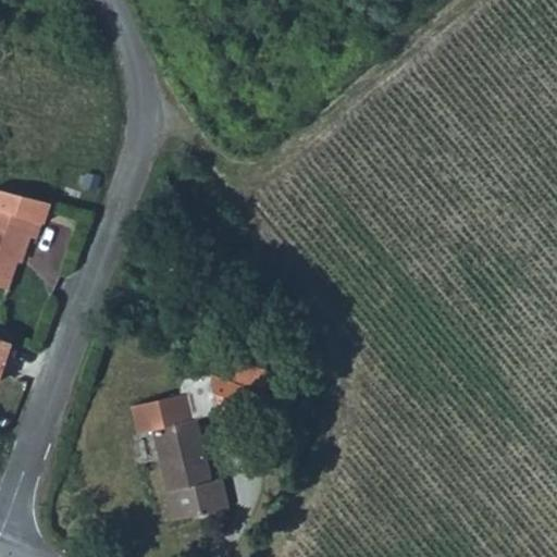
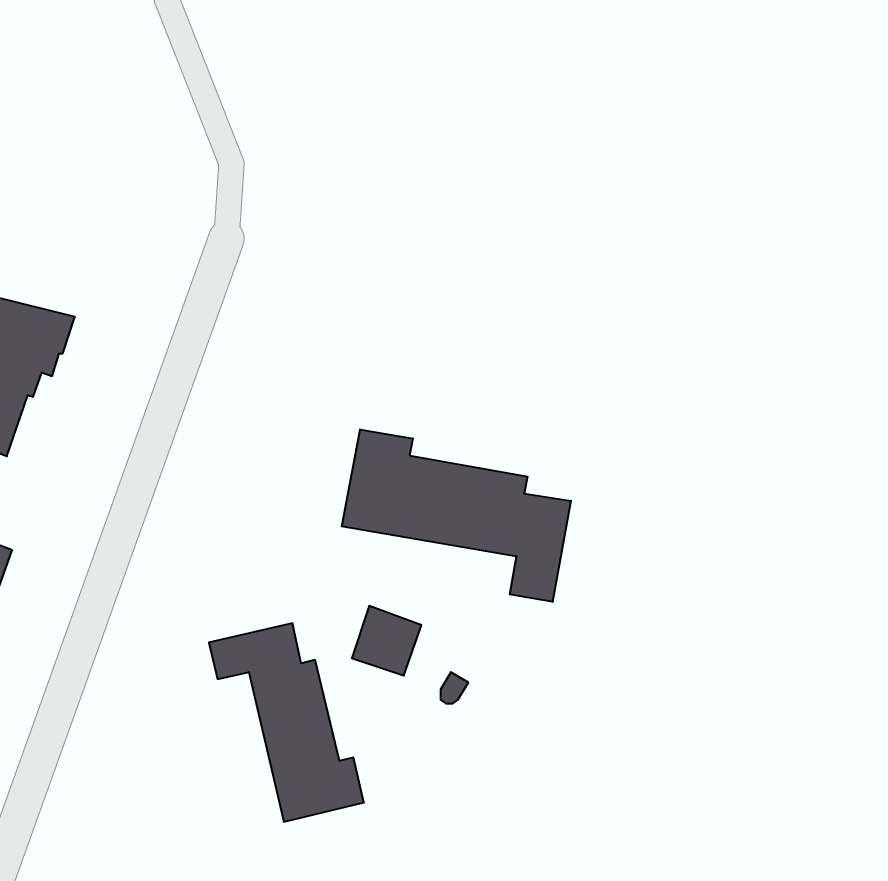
building: none -> [342,429,571,602]

